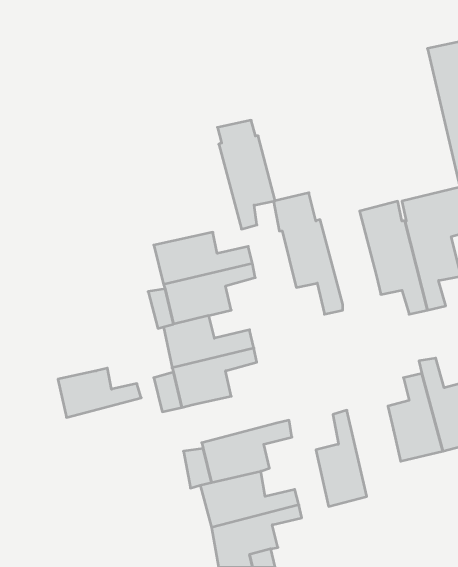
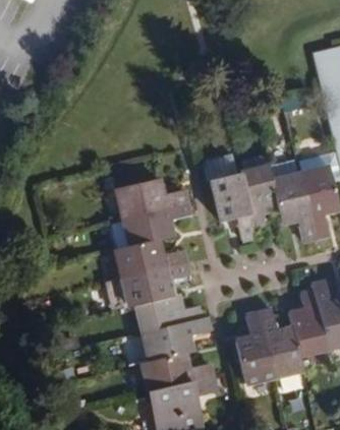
building: [217,120,275,229] -> [235,160,277,238]
building: [58,368,141,417] -> [145,302,205,337]
building: none -> [256,312,299,376]

